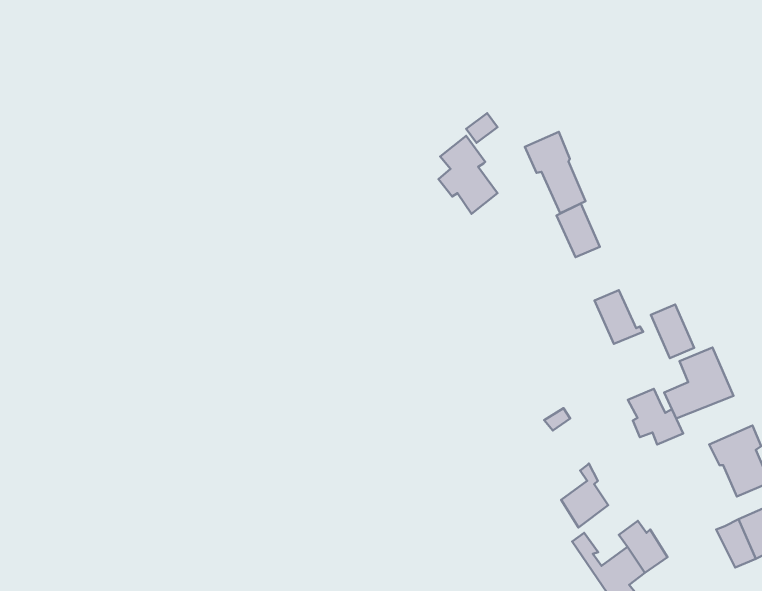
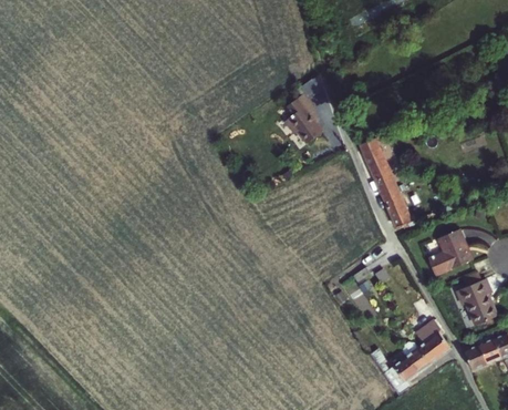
building: [525,132,586,213] -> none
building: [651,304,694,358] -> [372,164,400,198]
building: [628,389,683,445] -> none
building: [561,463,608,528] -> [419,321,449,362]

